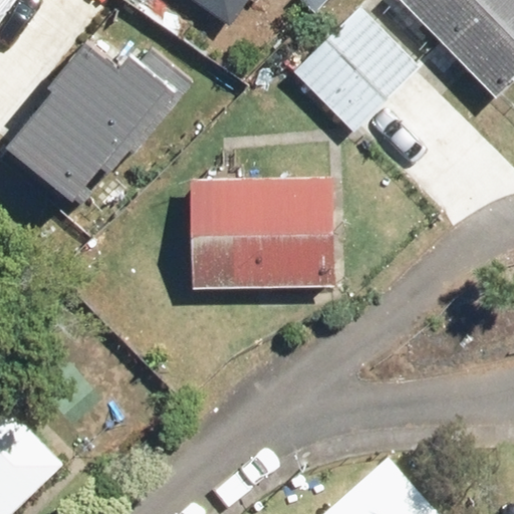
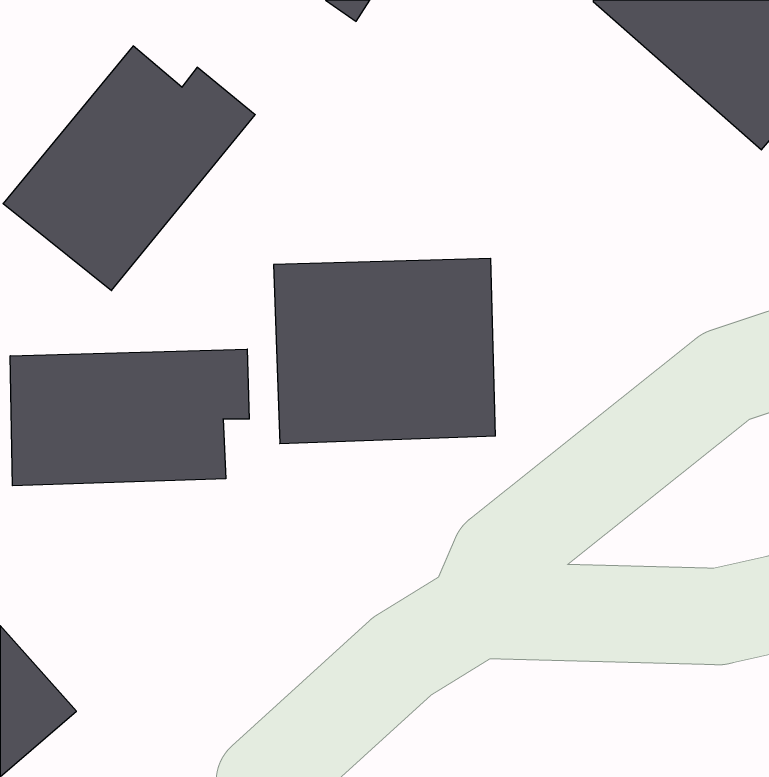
building: [300,16,419,131] -> none
building: none -> [10,349,249,486]

